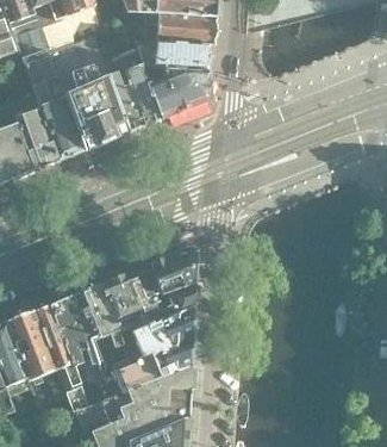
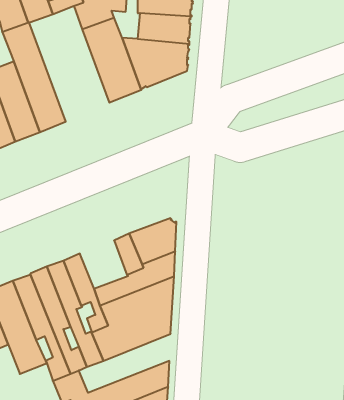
building: [49,32,130,149] -> none
building: [100,269,149,318] -> none
building: [99,364,192,423] -> none

